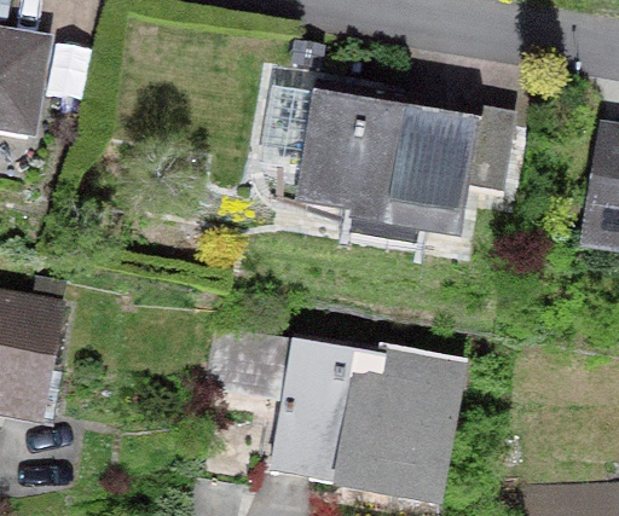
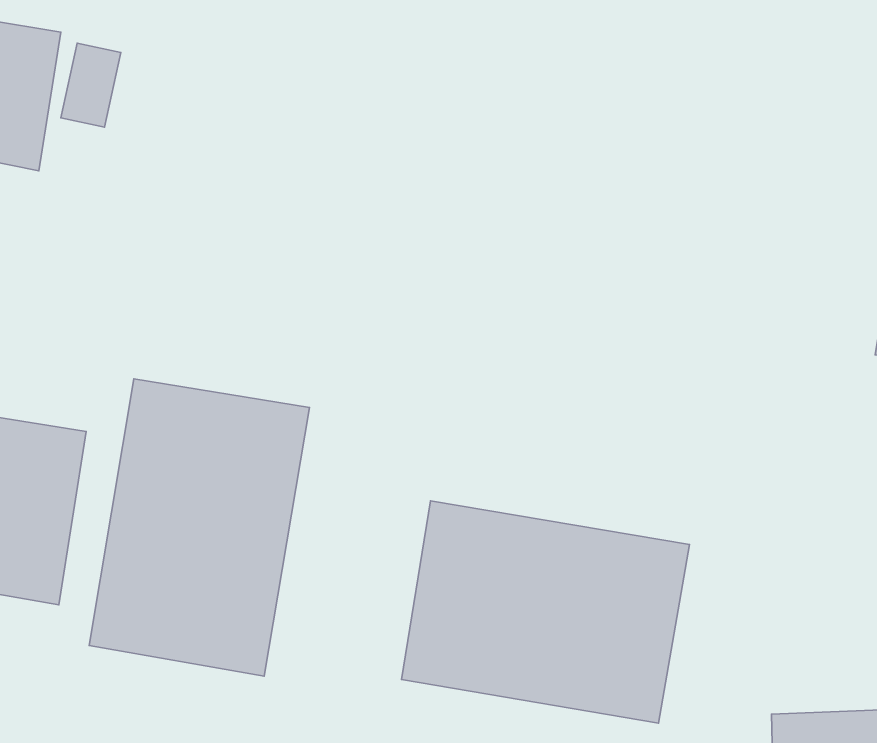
building: [300,93,482,224] -> none
building: none -> [89,379,309,676]

